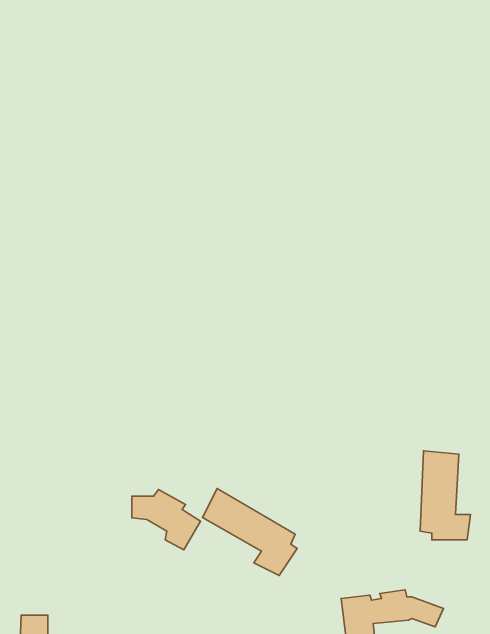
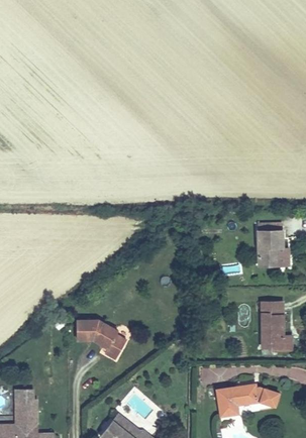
building: none -> [259,231,286,267]
building: [202,488,297,576] -> none

